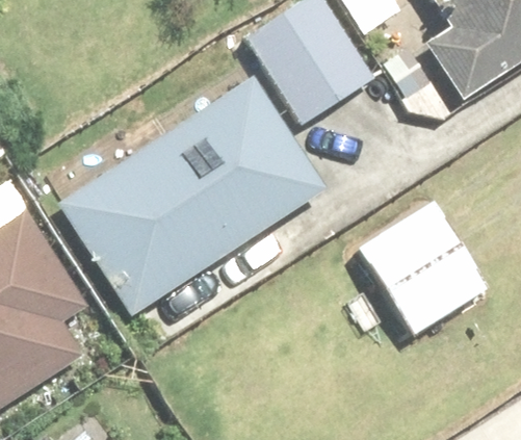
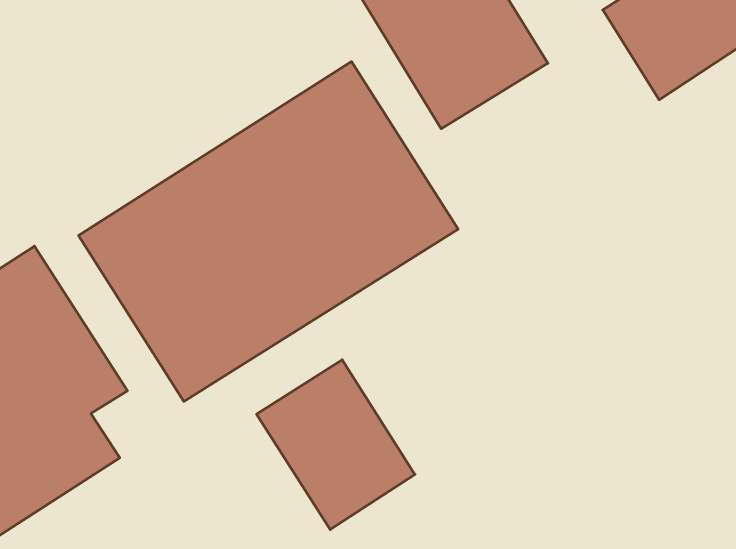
building: [360,202,499,340] -> none
building: none -> [257,360,415,530]

